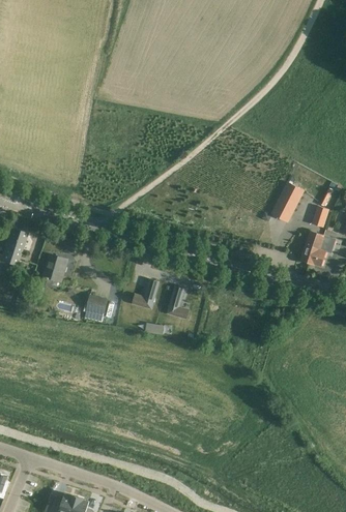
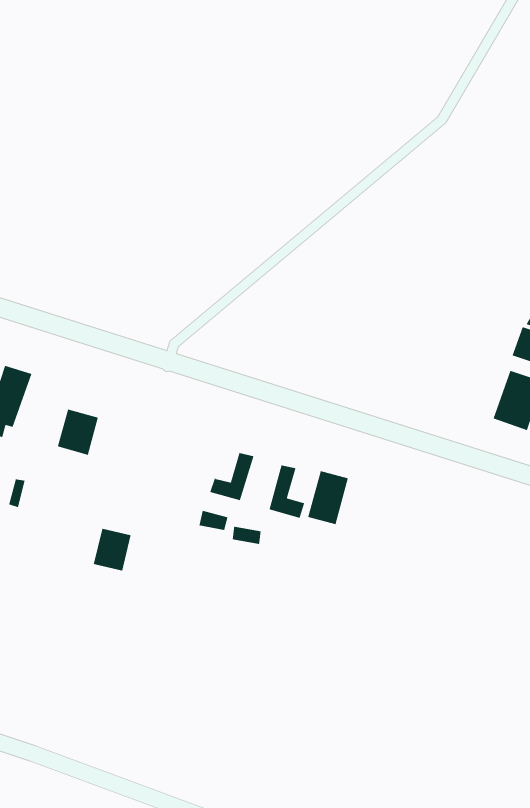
building: [270,182,304,221] -> none
building: none -> [307,470,349,525]
building: [84,295,107,321] -> [93,528,131,572]

